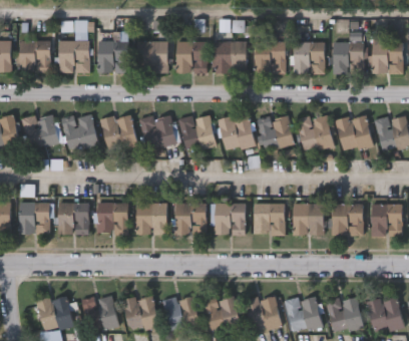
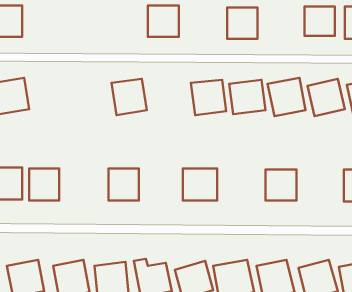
building: [58,40,89,71] -> none
building: [97,40,128,71] -> none
building: [136,40,167,71] -> none
building: [216,40,246,72] -> none
building: [293,41,324,73] -> none
building: [61,112,97,149] -> none
building: [177,112,216,151] -> none
building: [101,115,135,149] -> none
building: [97,203,127,234] -> none
building: [253,203,284,235] -> none
building: [174,204,206,235] -> none
building: [332,204,362,235] -> none

